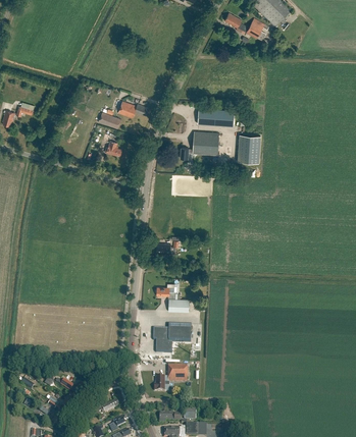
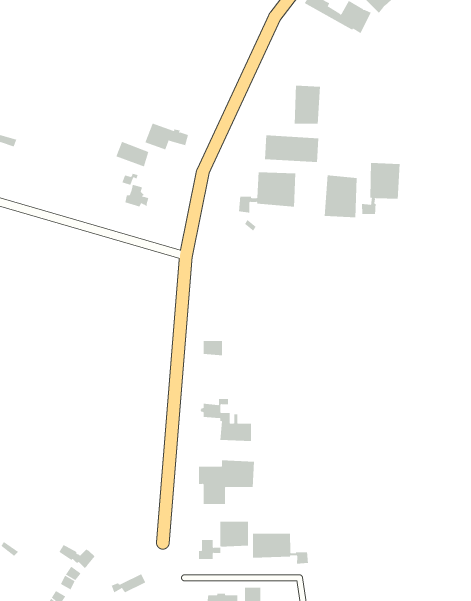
building: none -> [294,85,320,125]
building: none -> [361,162,400,215]
building: none -> [252,533,309,564]

